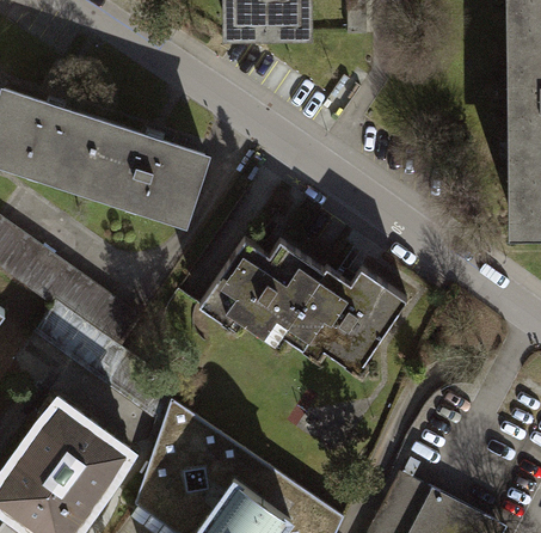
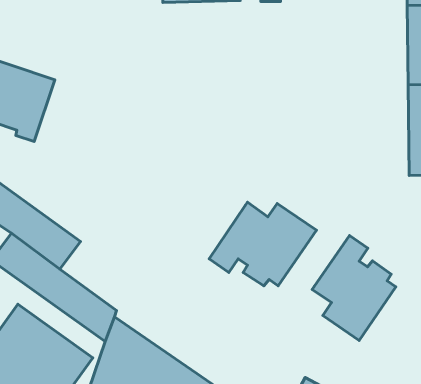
building: [78,127,205,232] -> none
building: [196,239,322,344] -> none
building: none -> [312,236,396,340]

